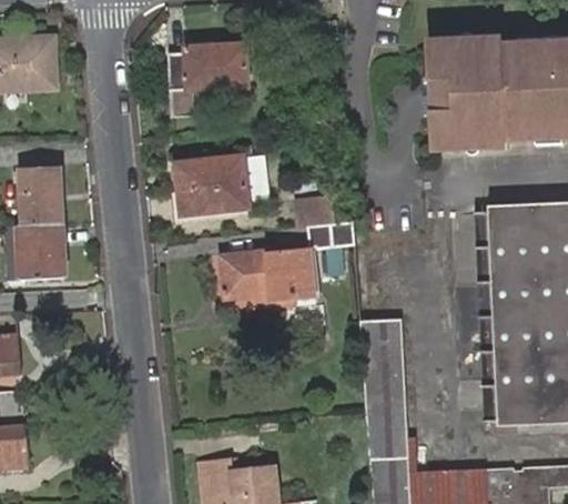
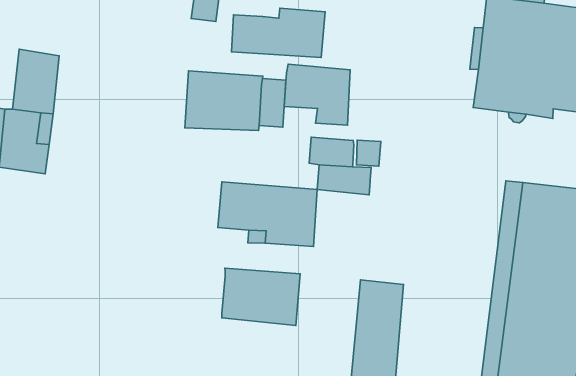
building: none -> [232,8,325,58]
building: none -> [284,64,350,125]
building: none -> [222,268,300,326]

